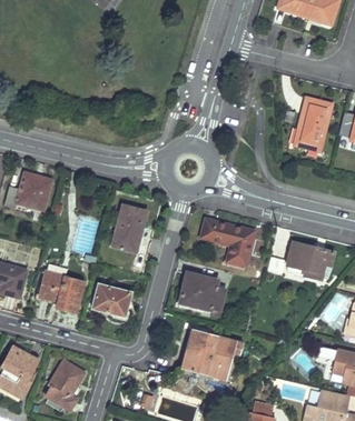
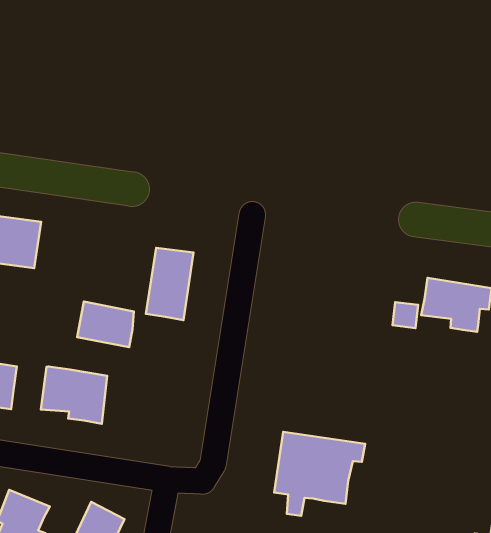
building: [295,96,333,149] -> none
building: [201,219,254,264] -> none
building: [179,271,226,313] -> none
building: [92,282,130,314] -> [77,301,134,347]

